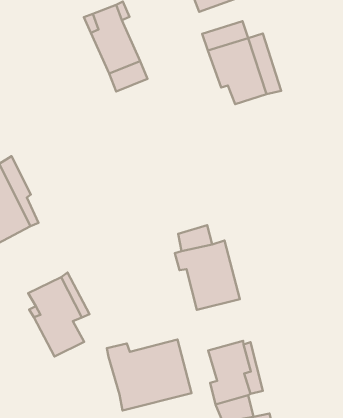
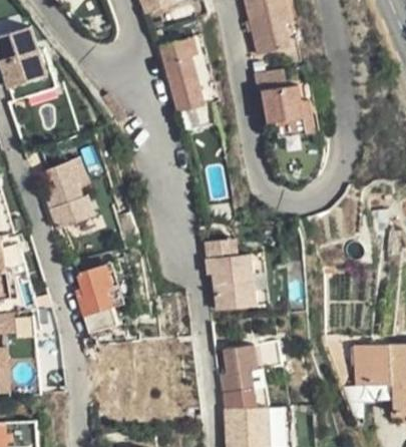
building: [107,340,192,411] -> none

